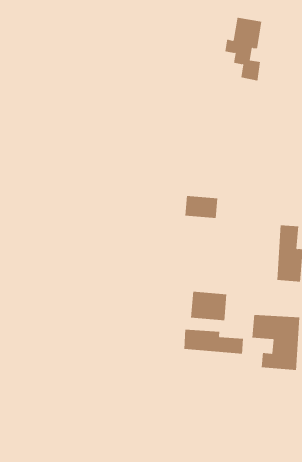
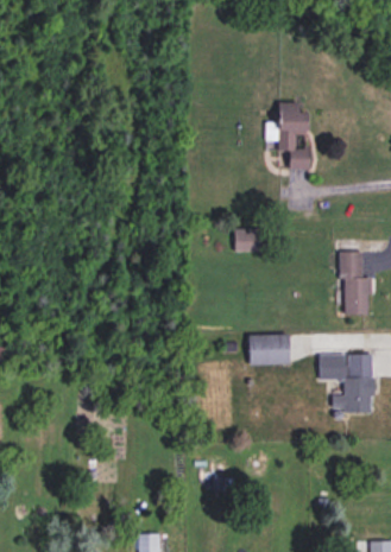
building: [224,17,262,81] -> [269,101,310,170]
building: [184,329,243,354] -> none

